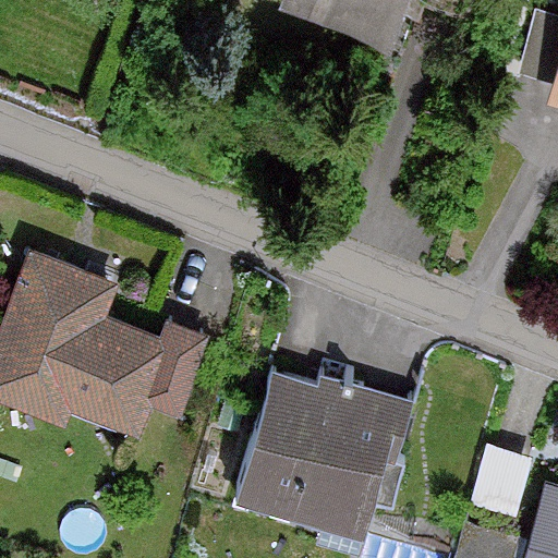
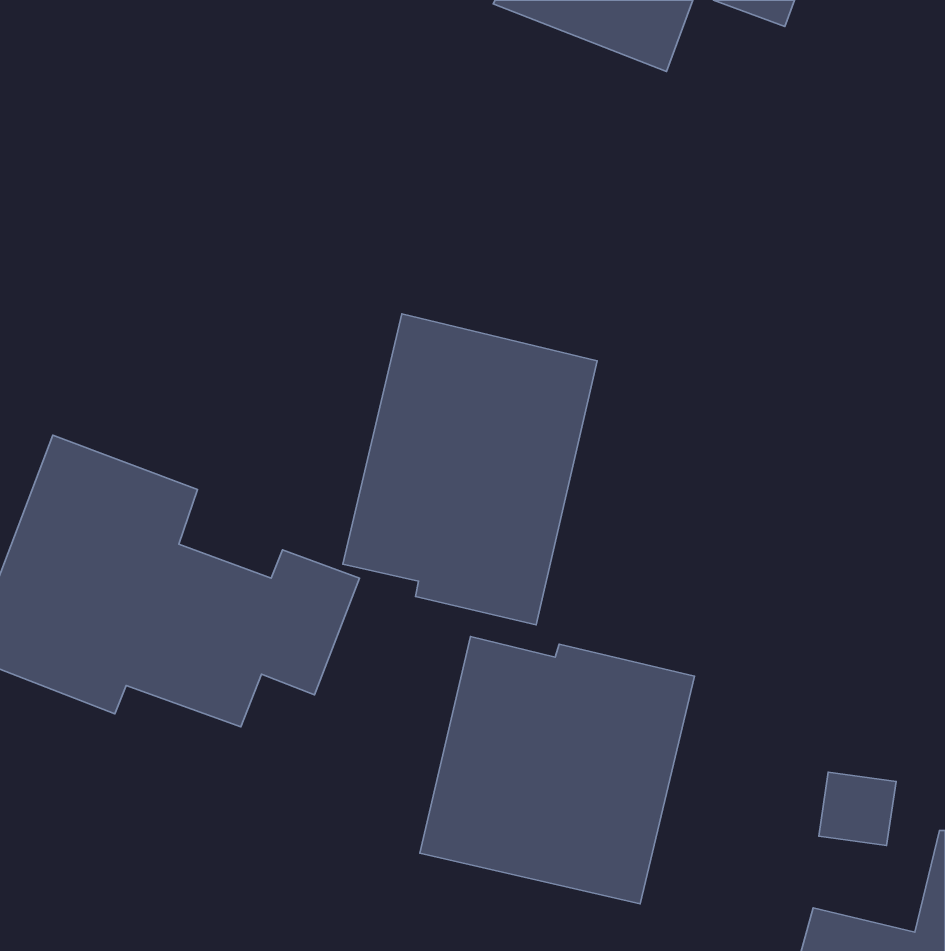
building: none -> [343,314,597,625]

